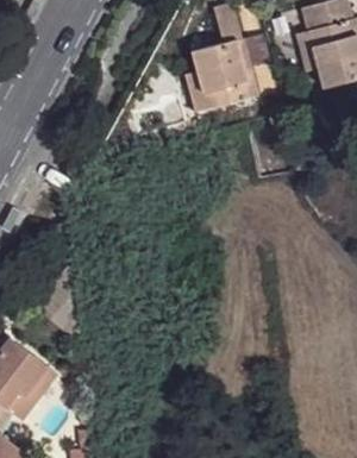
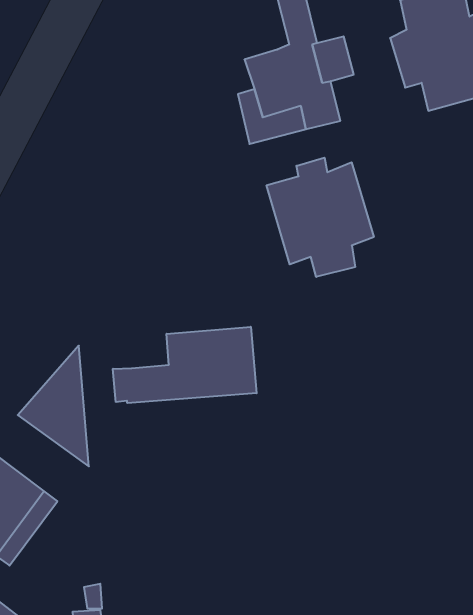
building: none -> [267,158,374,277]
building: none -> [113,327,257,403]

